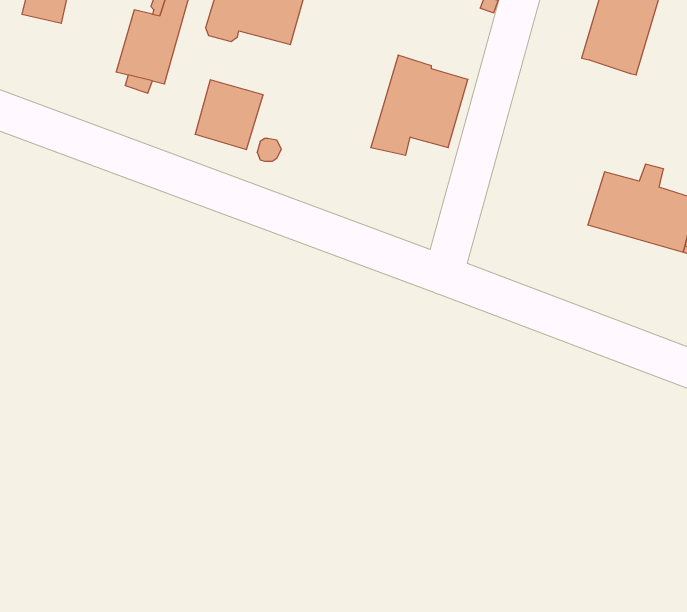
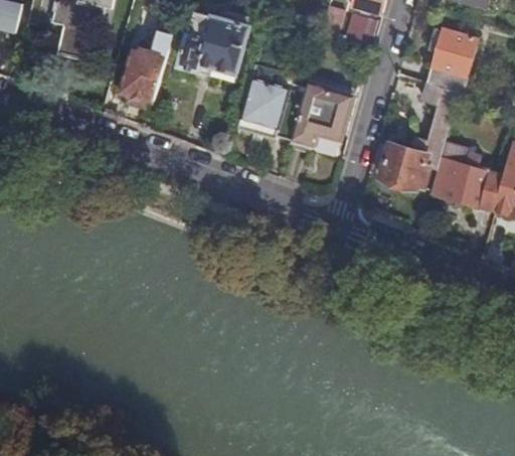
building: none -> [381,83,461,188]
building: [195,80,263,149] -> [237,91,283,137]

